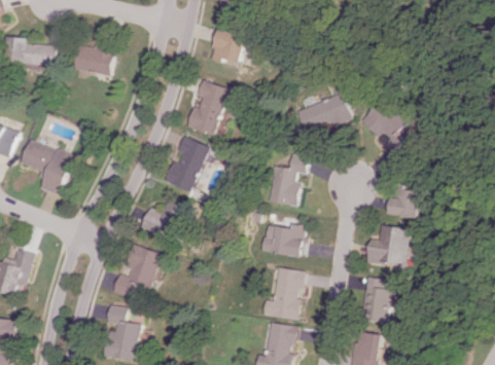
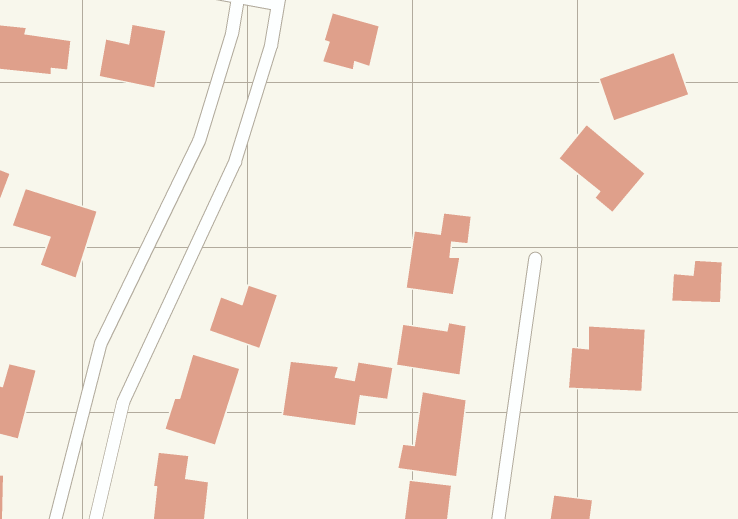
building: [187,79,229,135] -> none
building: [293,93,350,136] -> [599,52,689,121]
building: [167,136,210,192] -> none
building: [389,189,421,216] -> [672,260,723,303]
building: none -> [282,361,393,426]
building: [361,277,391,322] -> none

